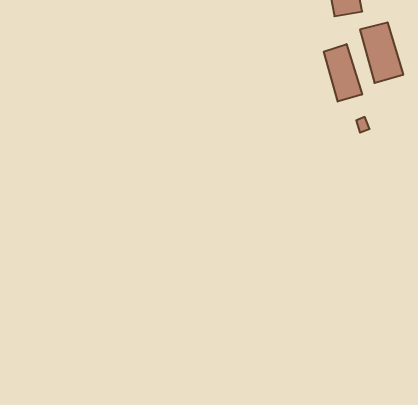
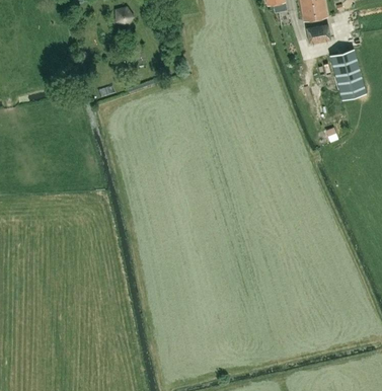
building: [324,44,362,102] -> none

